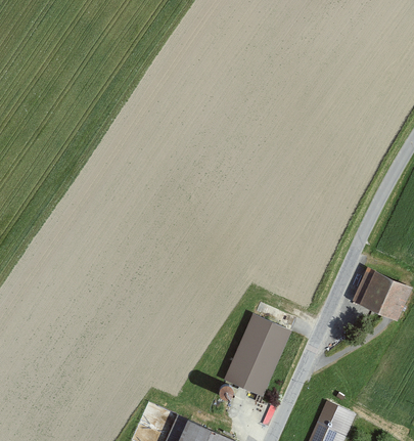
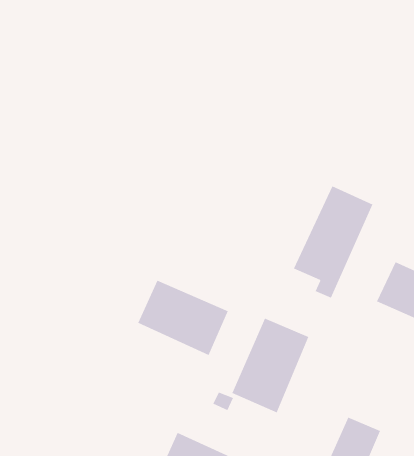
building: none -> [293,185,373,299]
building: none -> [137,280,228,356]

